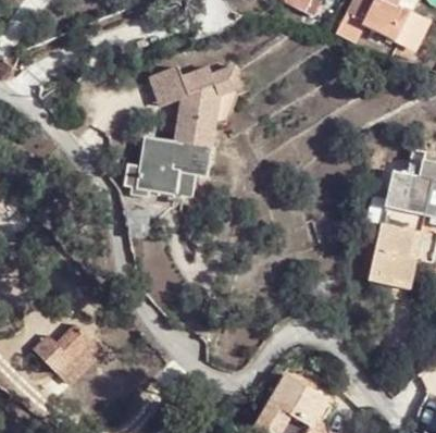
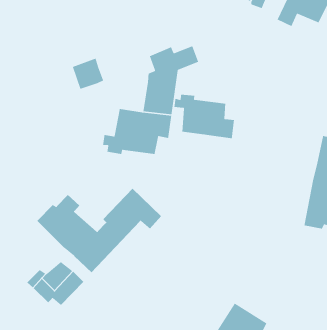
building: [150,64,189,103] -> [72,58,104,90]
building: none -> [174,94,235,139]
building: none -> [36,188,162,273]

